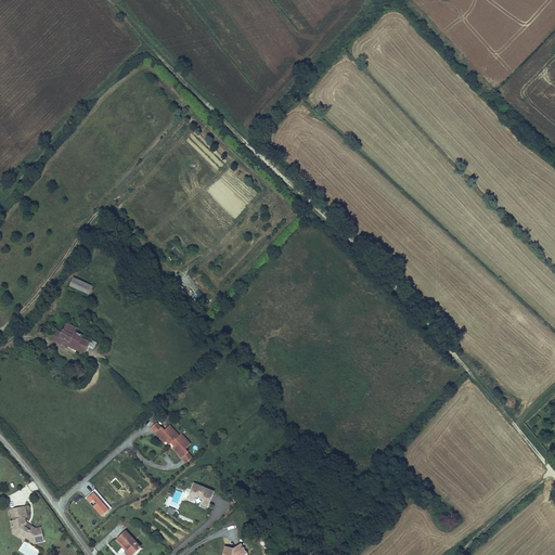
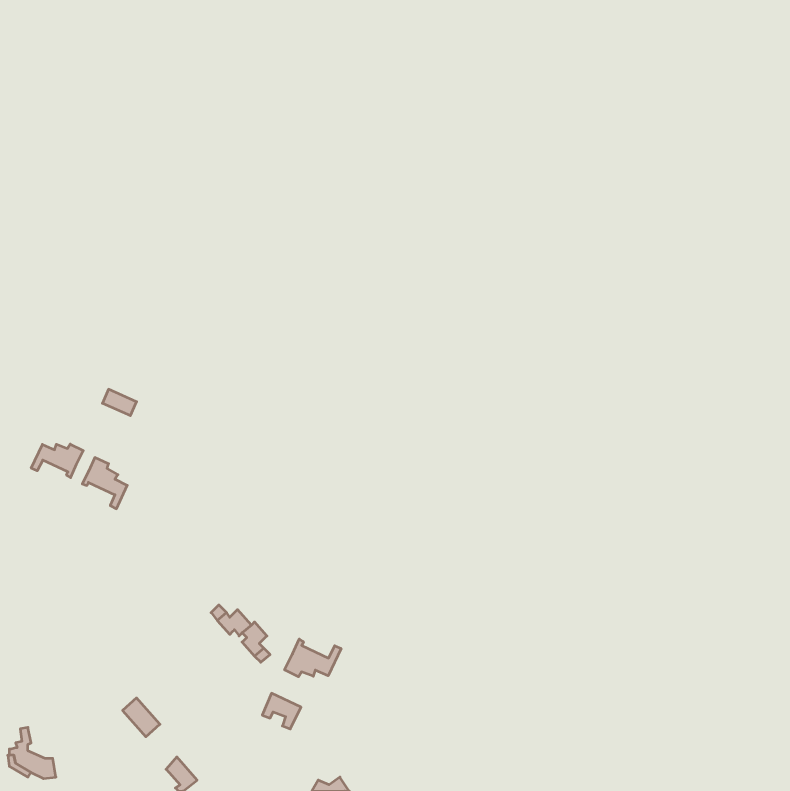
building: none -> [31,444,83,478]
building: none -> [285,639,341,677]

